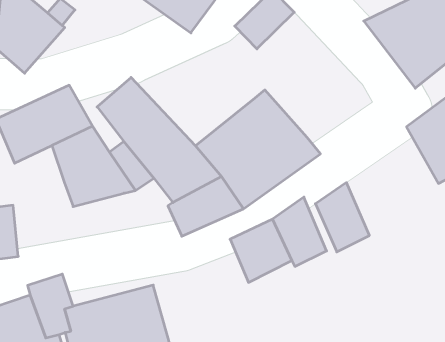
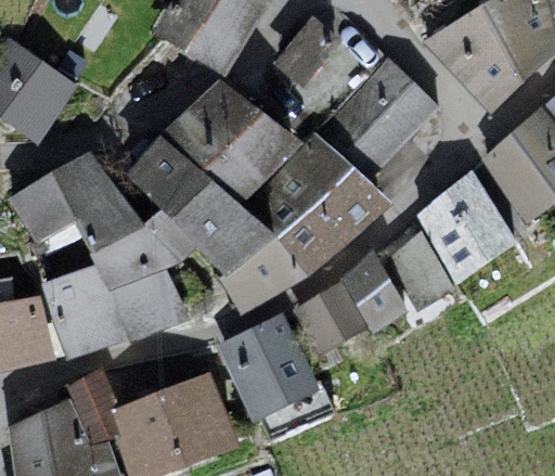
building: none -> [317,57,441,183]
building: none -> [160,78,306,206]
building: none -> [416,172,515,285]
building: none -> [40,263,188,353]
building: none -> [219,318,318,420]

